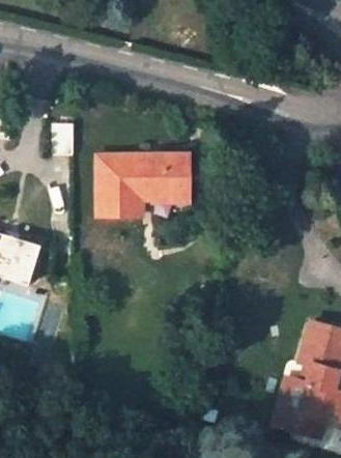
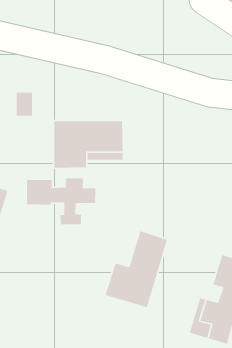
building: none -> [26,178,96,225]
building: none -> [105,230,168,308]

